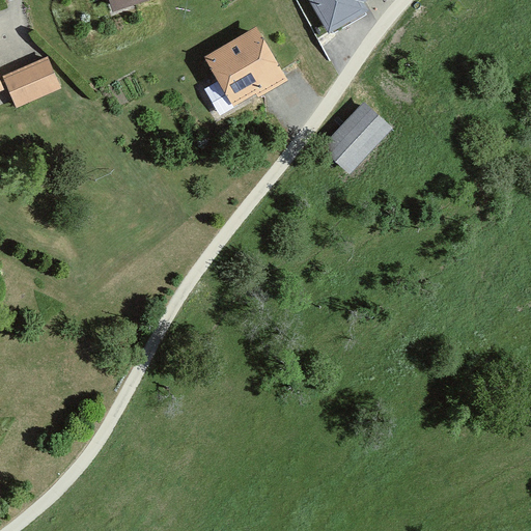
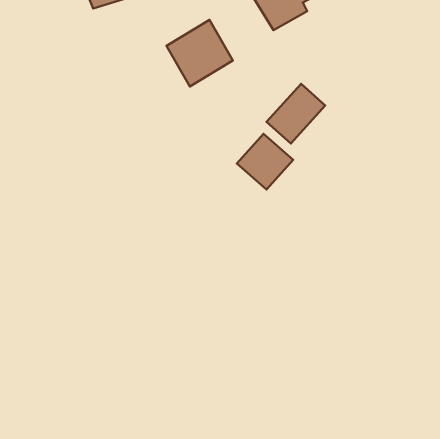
building: [5,57,63,107] -> none
building: none -> [237,134,293,189]

